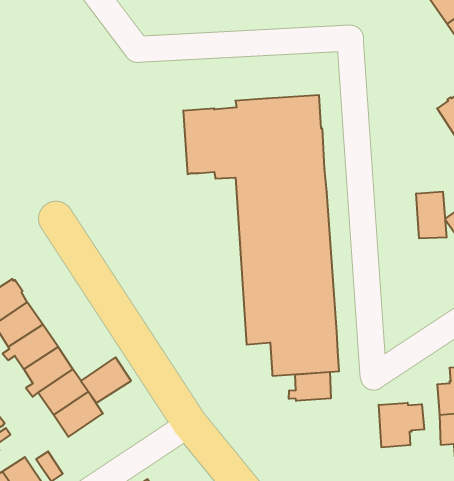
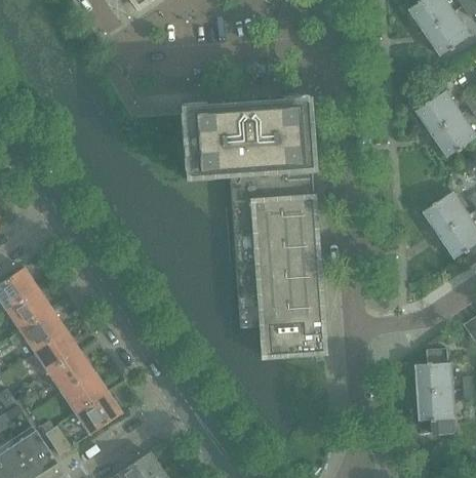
building: [416,192,446,238] -> none
building: [81,357,131,403] -> [76,392,122,434]
building: [289,372,331,401] -> none
building: [379,403,424,447] -> none

